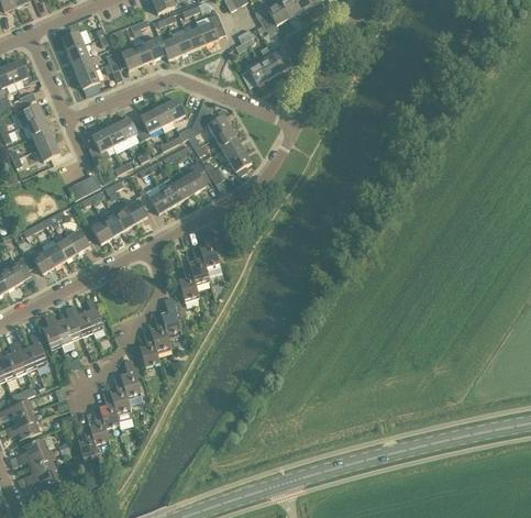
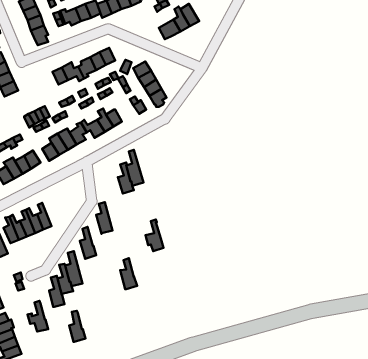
building: [88,129,112,162] -> none
building: [180,159,210,192] -> none
building: [175,261,198,301] -> [146,220,164,251]
building: [150,312,172,352] -> [120,258,137,289]
building: [89,407,110,447] -> [69,311,85,342]

